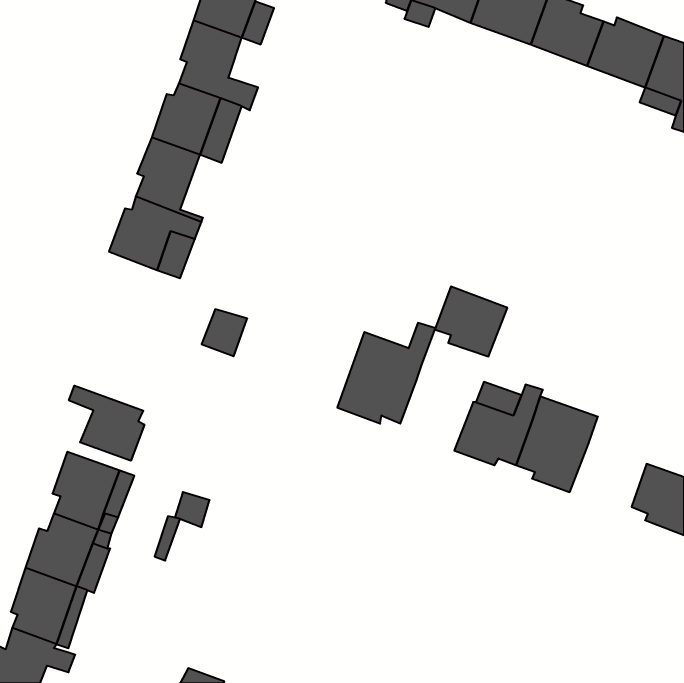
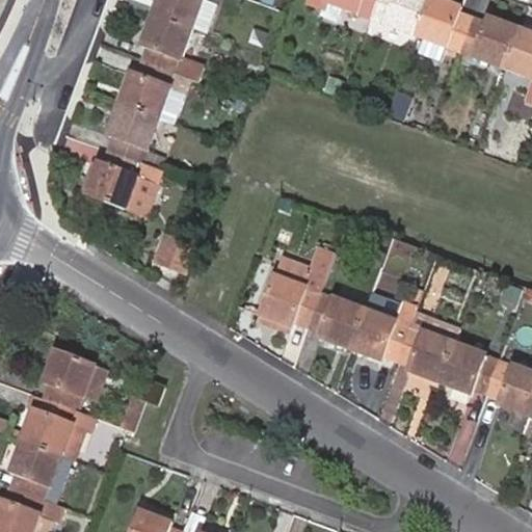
building: [435,286,507,356] -> [310,294,366,348]
building: [69,386,144,461] -> none
building: none -> [441,343,500,393]

